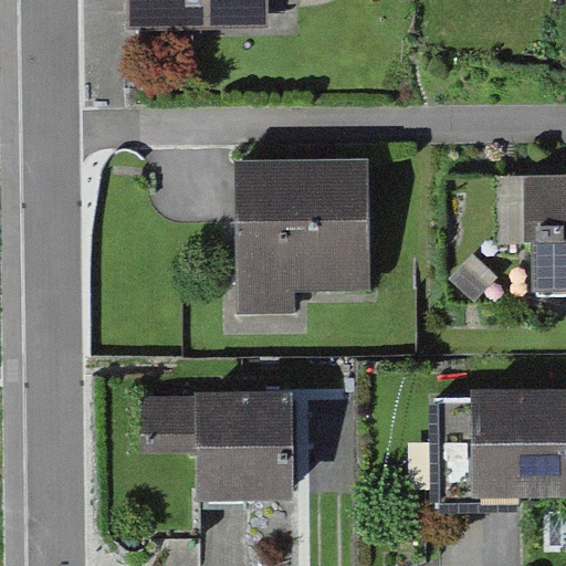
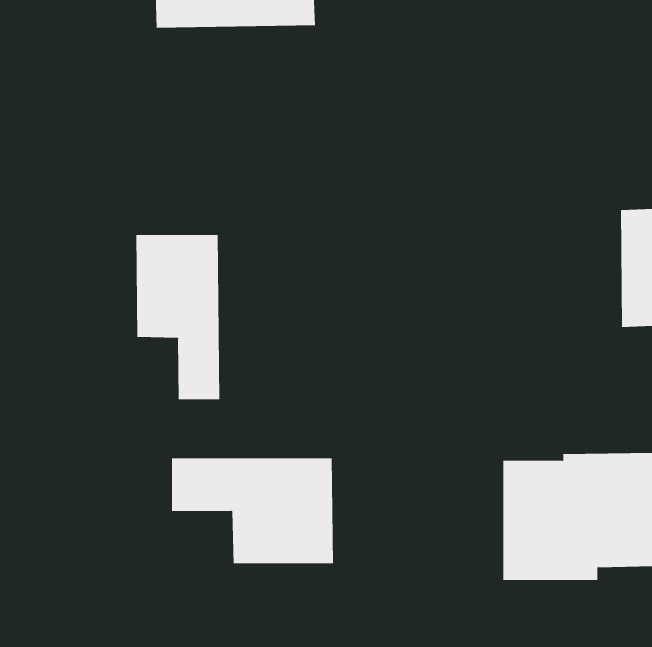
building: [244,167,361,290] -> none
building: none -> [136,234,220,400]

